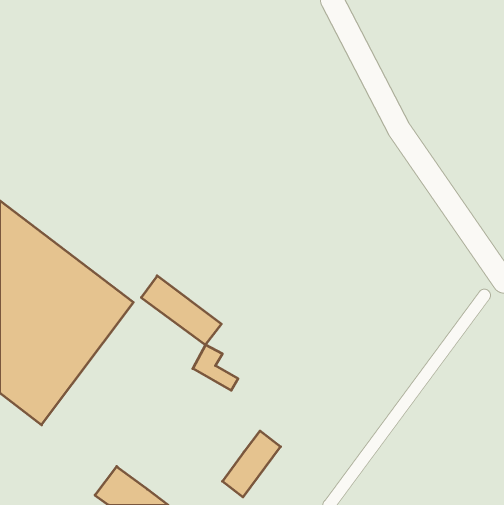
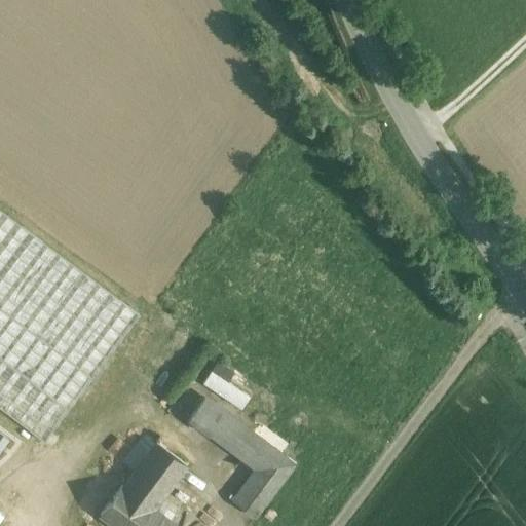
building: [141,276,221,345] -> [187,398,270,469]
building: none -> [122,442,186,509]

